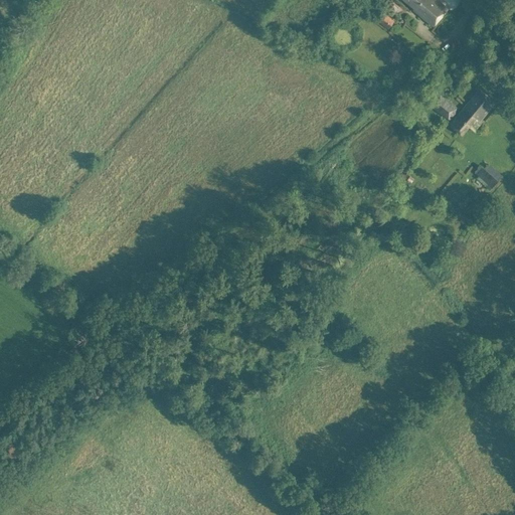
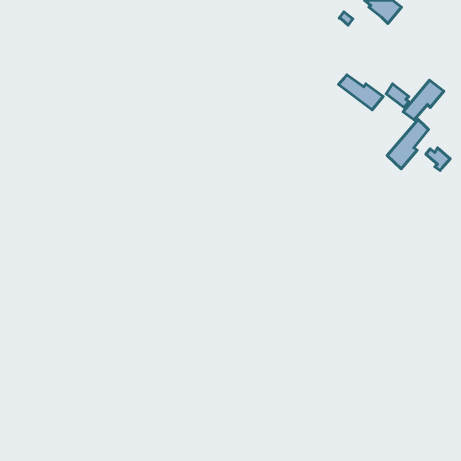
building: none -> [338,75,383,110]
building: none -> [387,119,429,169]

